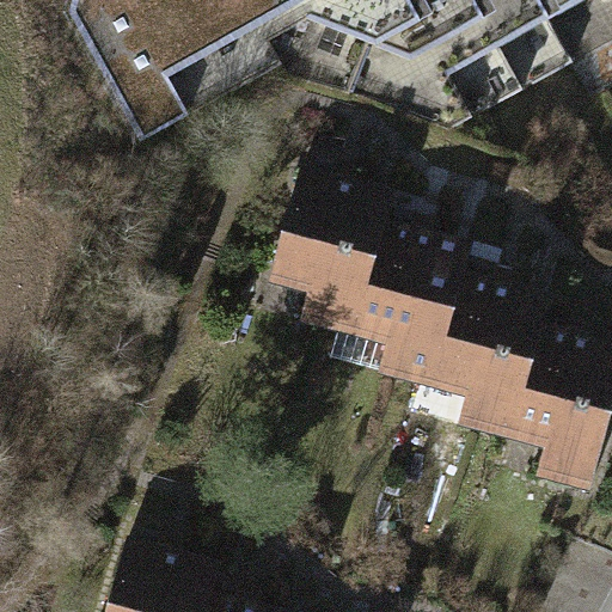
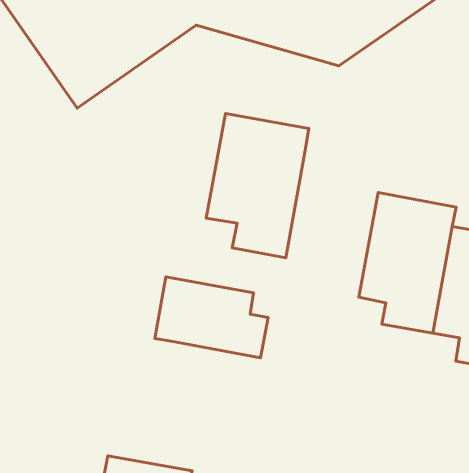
building: [353,210,475,382] -> none
building: none -> [155,277,268,358]

